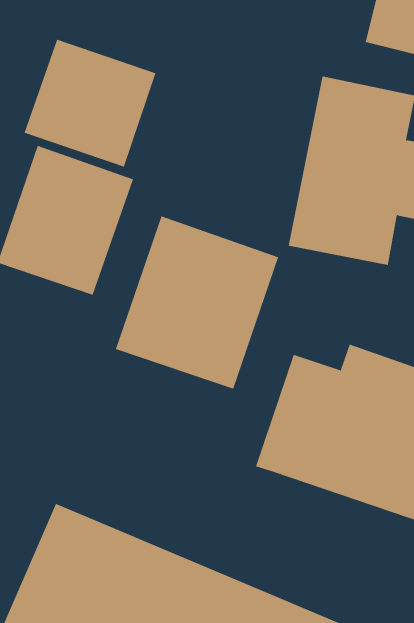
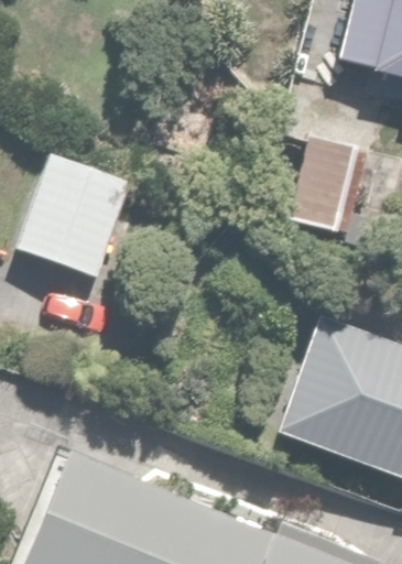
building: [24,39,156,167] -> none
building: [115,216,279,390] -> none

